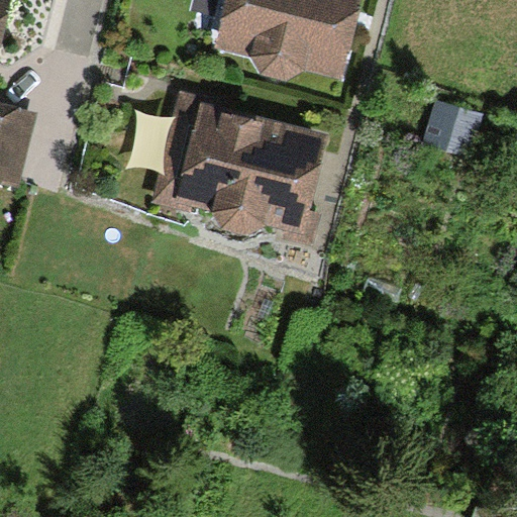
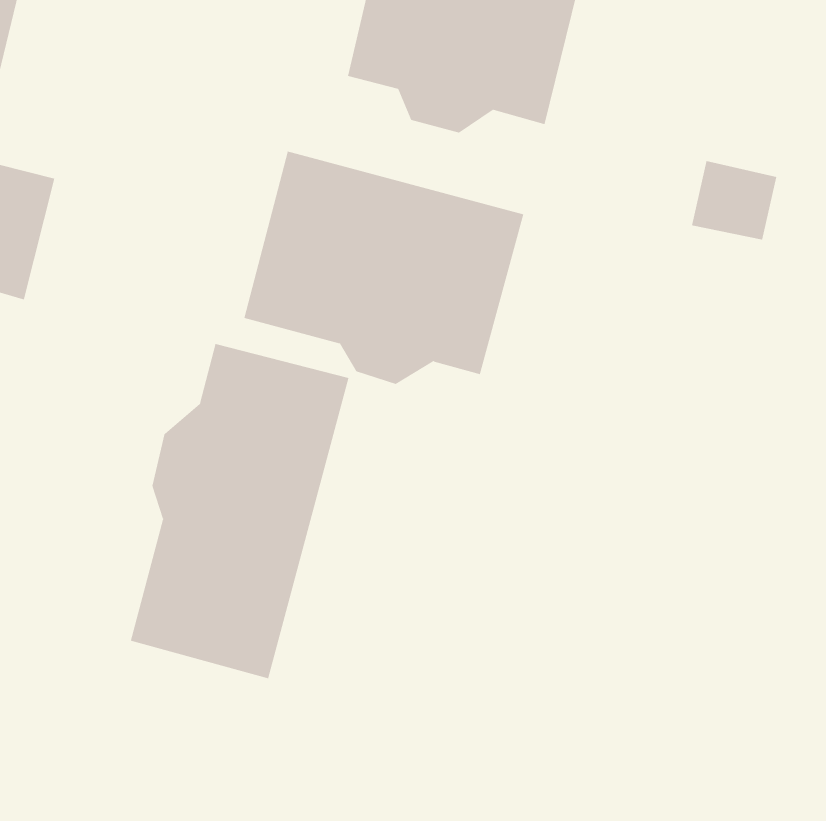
building: none -> [130,343,349,679]

